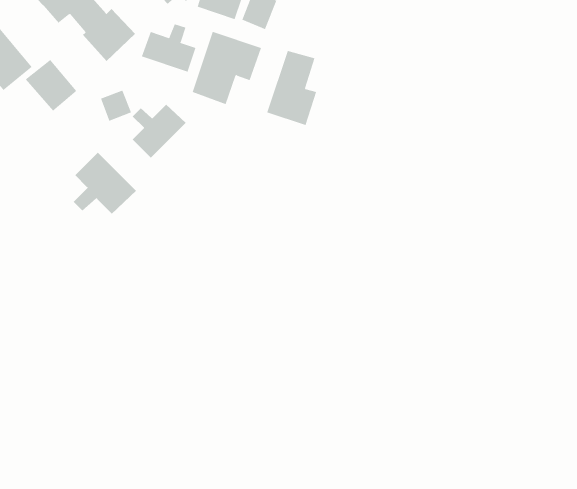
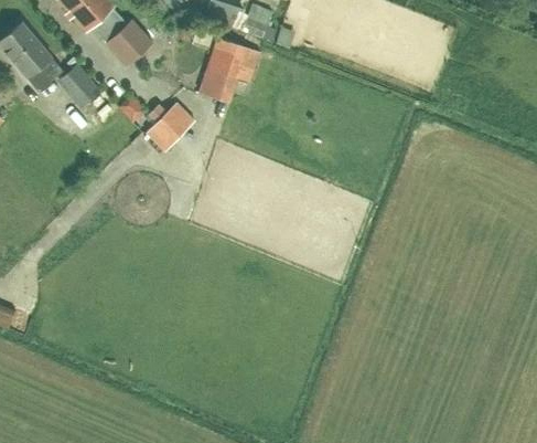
building: [141,23,196,72] -> none
building: [266,50,317,126] -> none
building: [73,152,137,214] -> none

